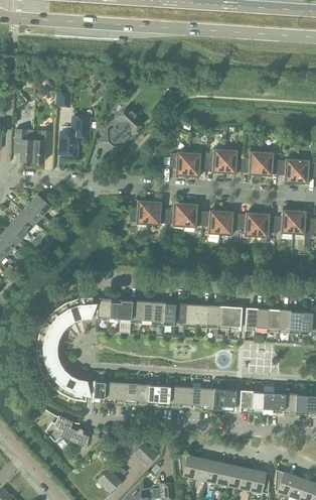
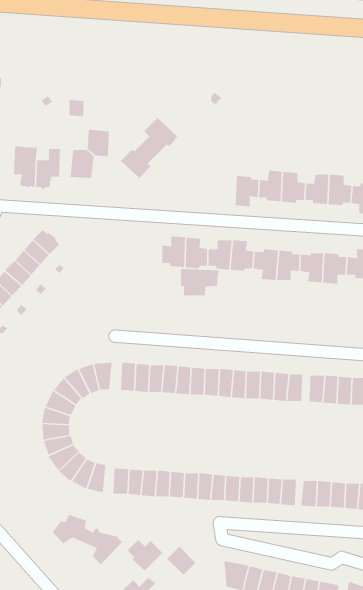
building: [170,150,189,175] -> none
building: none -> [180,268,219,296]
building: none -> [127,539,163,572]

